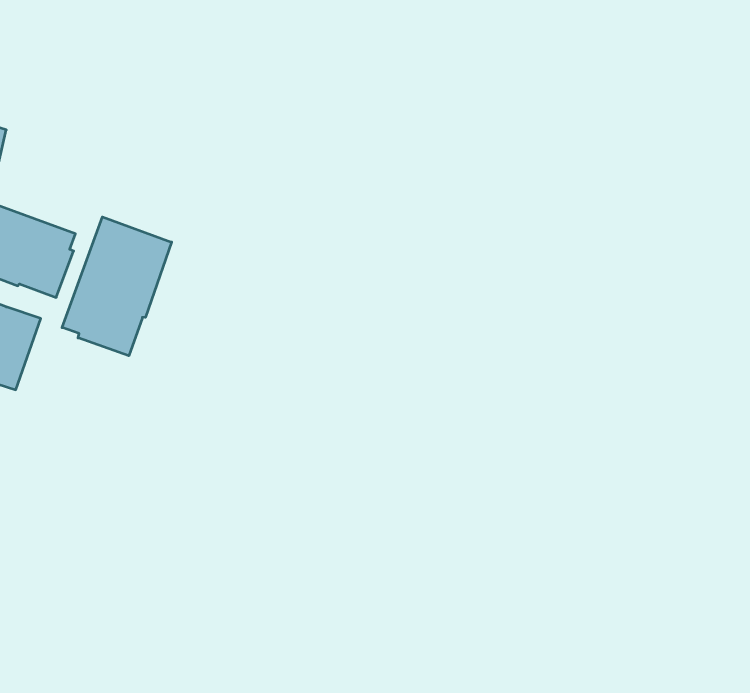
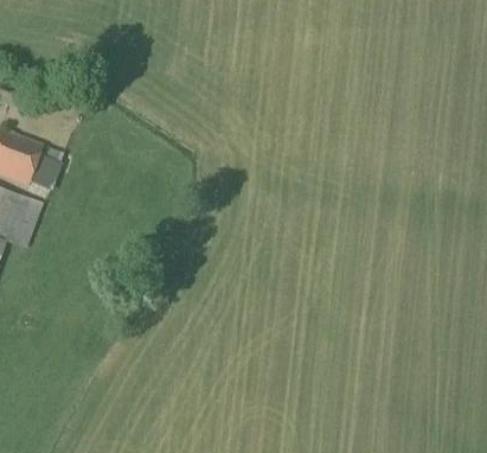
building: [62,217,172,356] -> none

